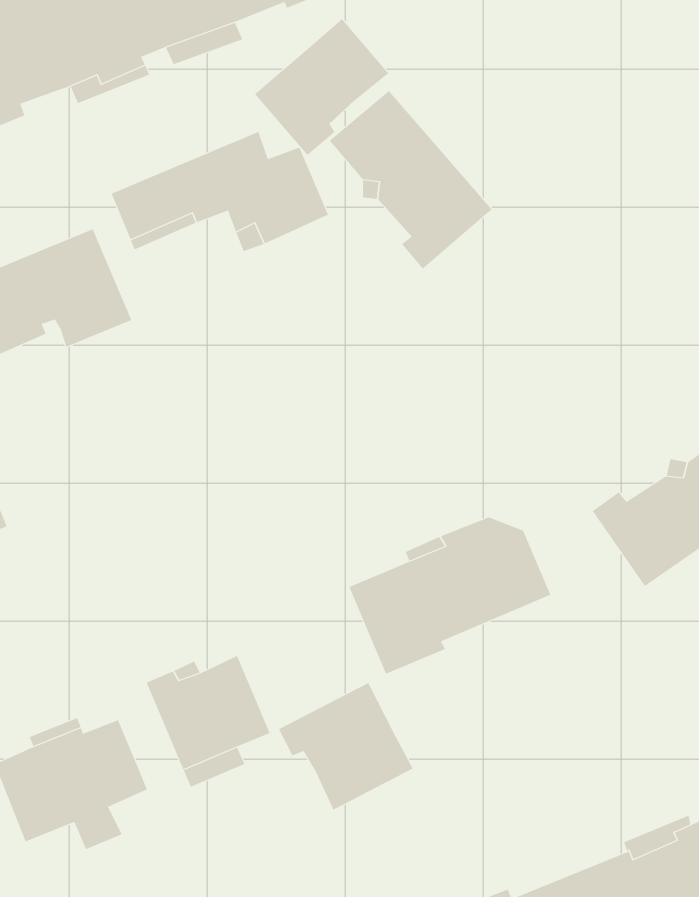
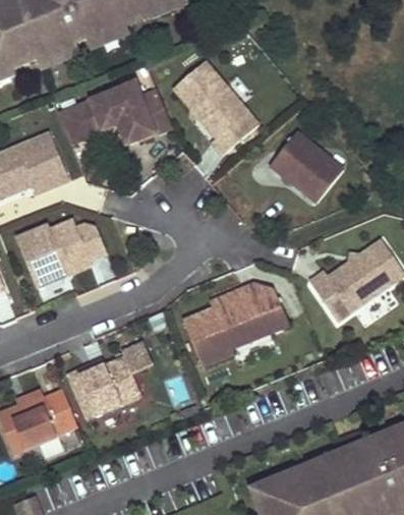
building: [254,18,389,156] -> none
building: none -> [270,131,343,201]
building: none -> [16,219,105,286]
building: [278,682,414,810] -> none

